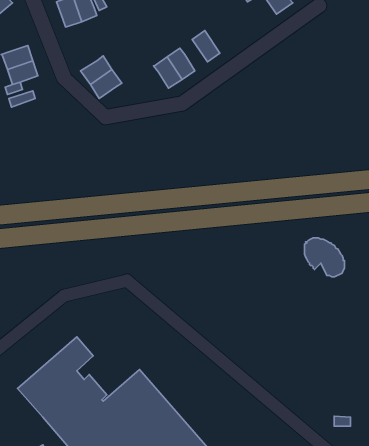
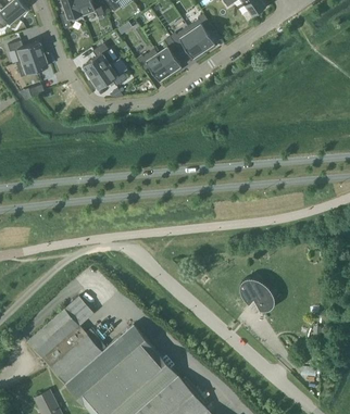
building: none -> [188,14,215,53]
building: [304,238,345,277] -> [240,278,275,312]

